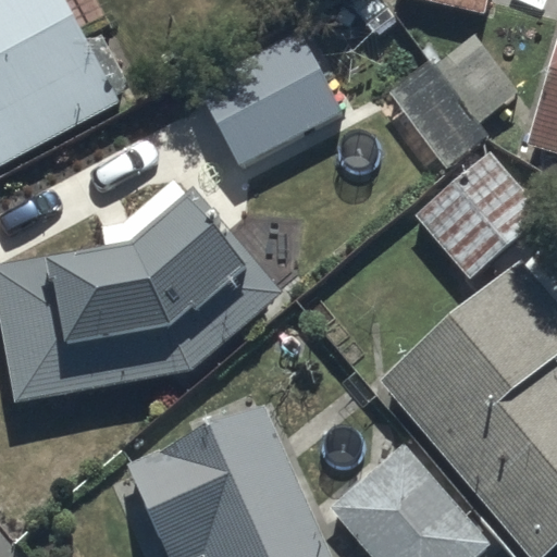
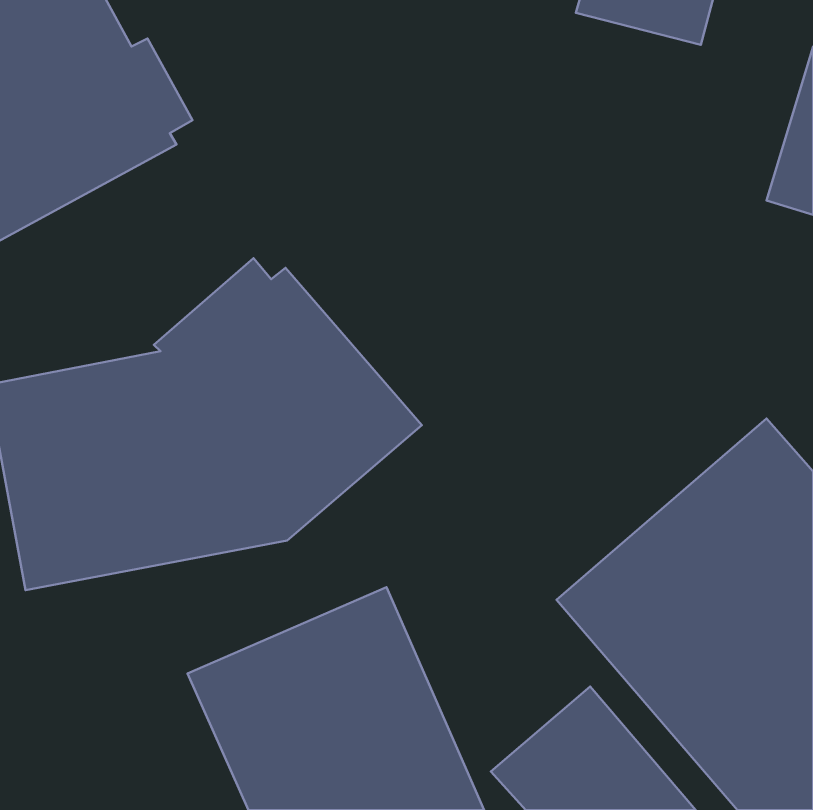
building: [199,23,352,172] -> none
building: [386,54,510,184] -> none
building: [417,173,540,294] -> none

